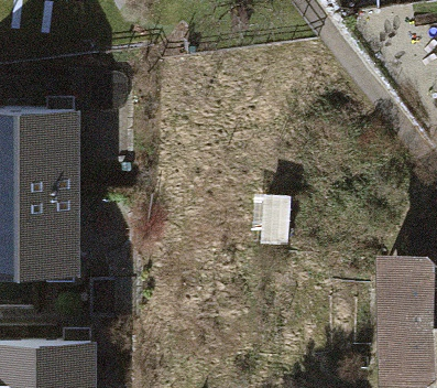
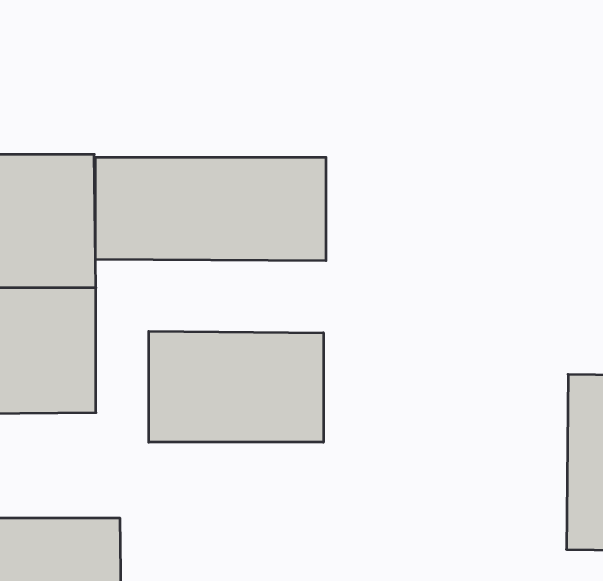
building: none -> [96,157,326,261]
building: none -> [149,331,323,442]

